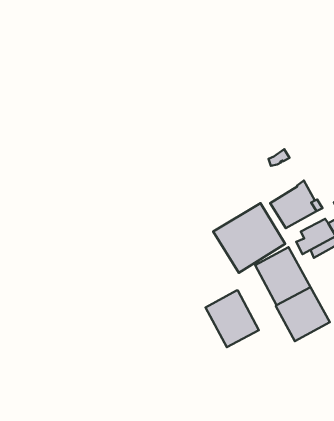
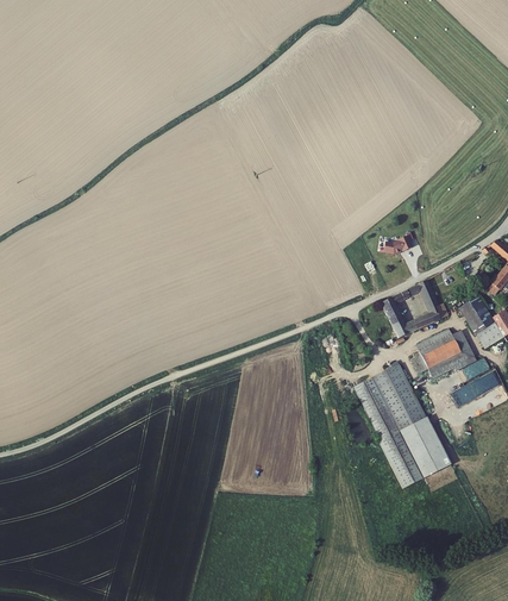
building: [213,203,285,273] -> none
building: [206,290,259,347] -> none

